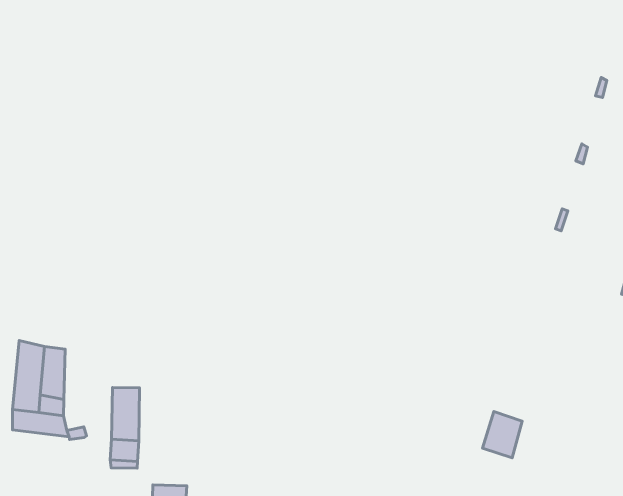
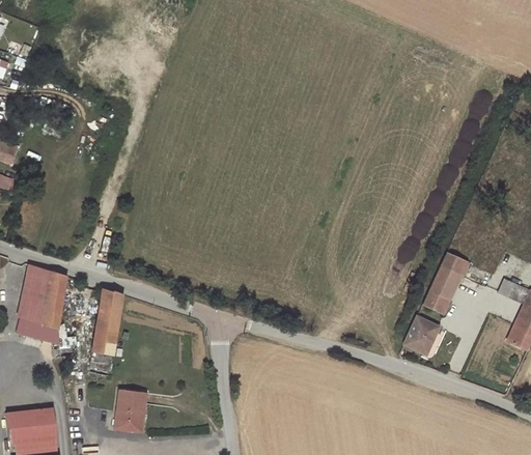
building: none -> [424,252,469,314]
building: none -> [99,289,123,314]
building: [483,412,522,458] -> [406,317,439,354]

